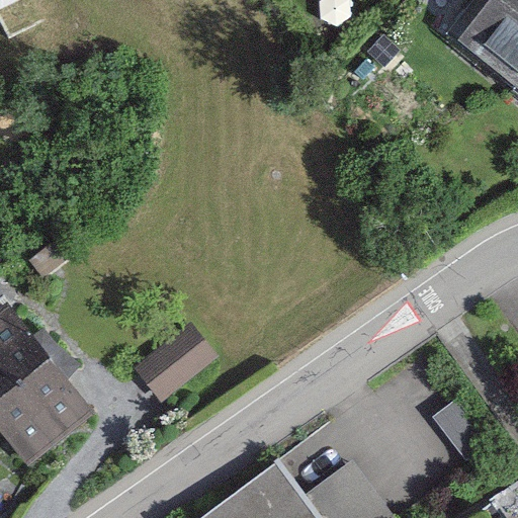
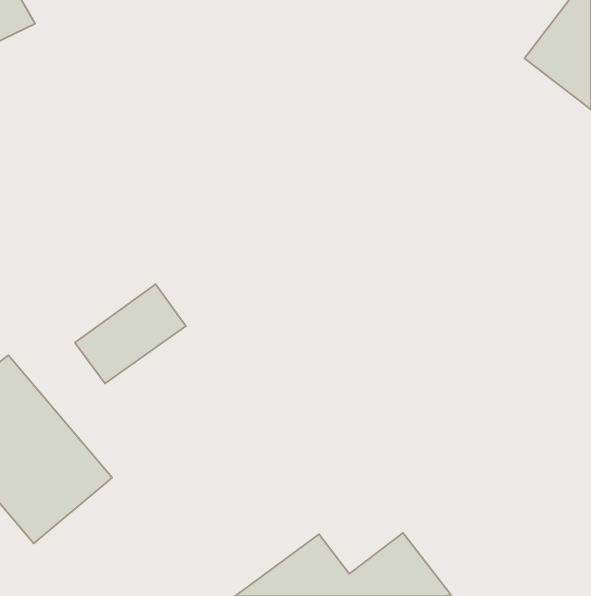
building: [131,314,227,400] -> [75,284,186,383]

